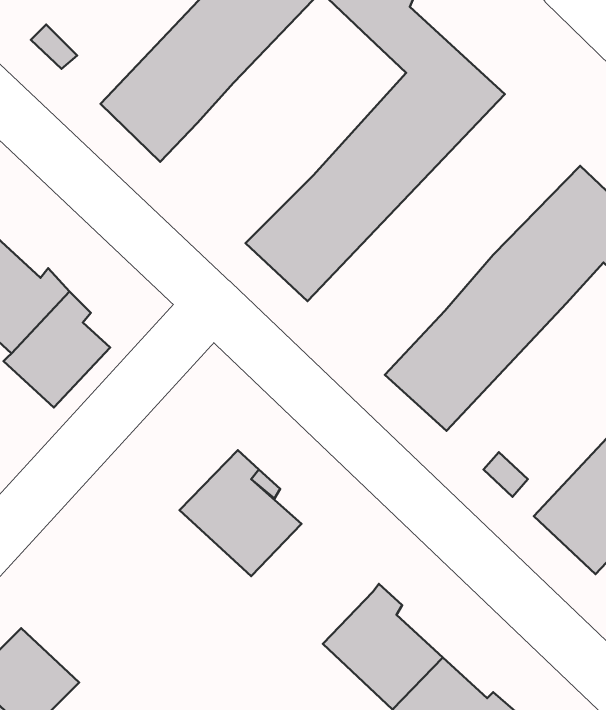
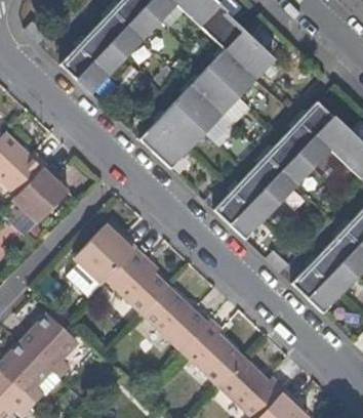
building: none -> [73,225,135,286]
building: none -> [143,287,207,350]
building: none -> [21,315,77,376]

